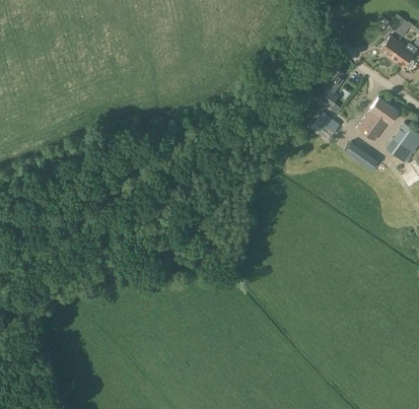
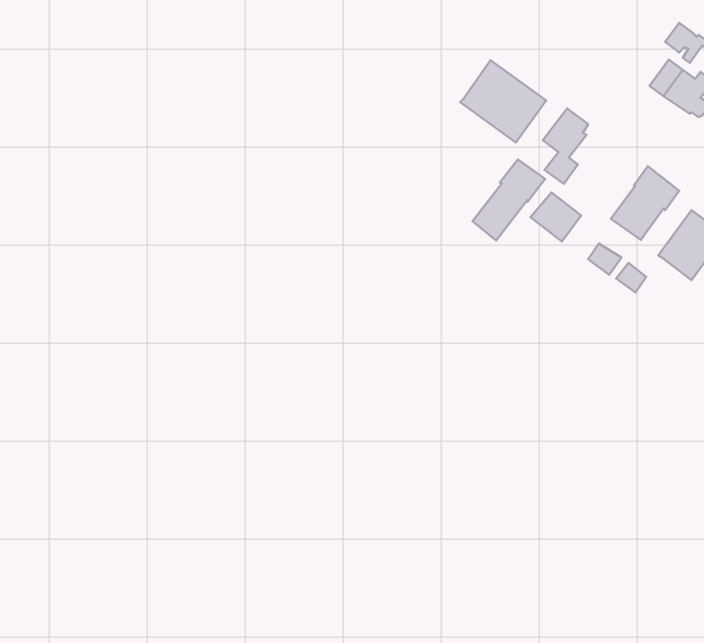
building: none -> [460,60,546,143]
building: none -> [473,160,545,240]

